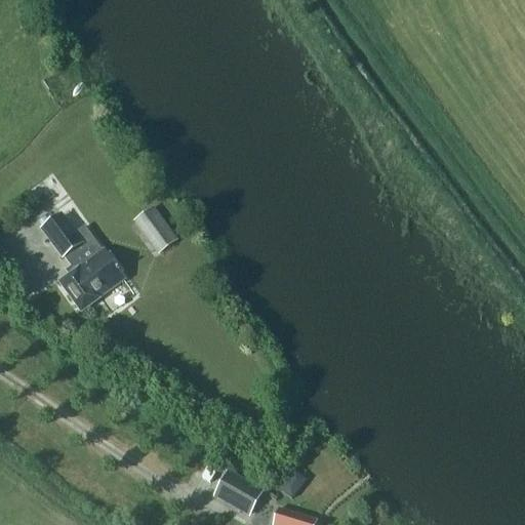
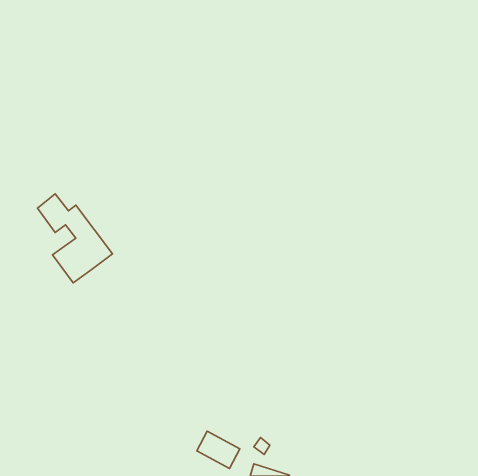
building: [136,206,177,251] -> none

